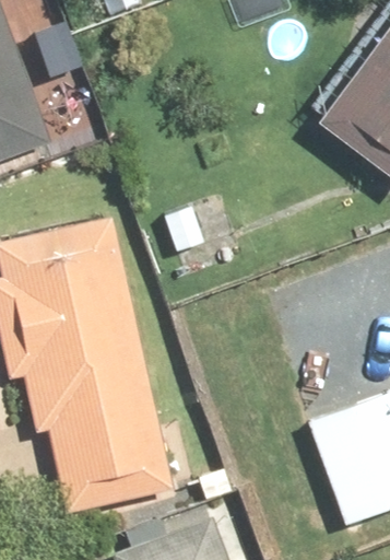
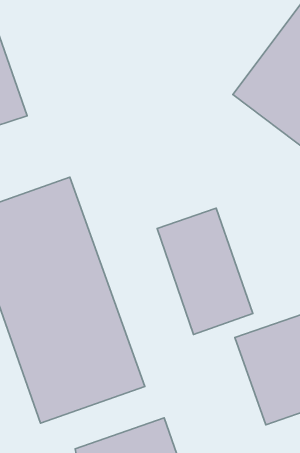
building: none -> [157,208,253,334]

